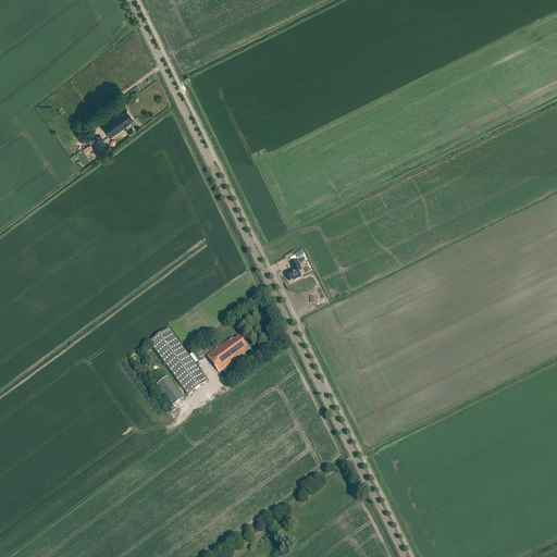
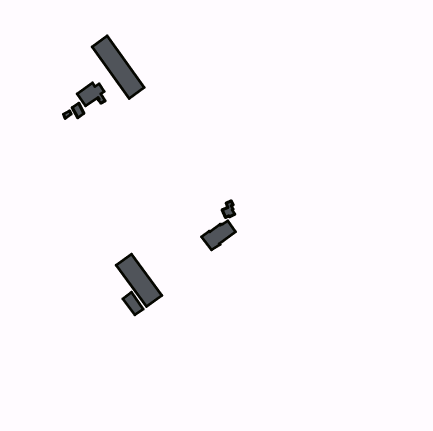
building: none -> [92,36,144,99]
building: [206,334,249,371] -> [201,221,235,250]

